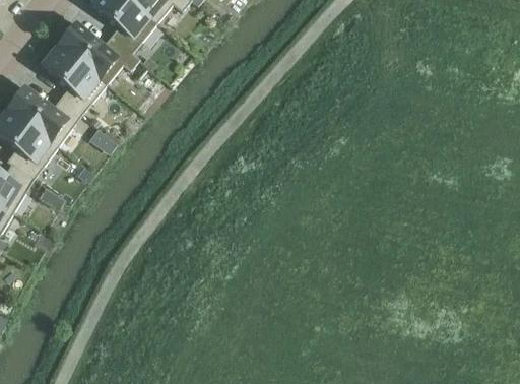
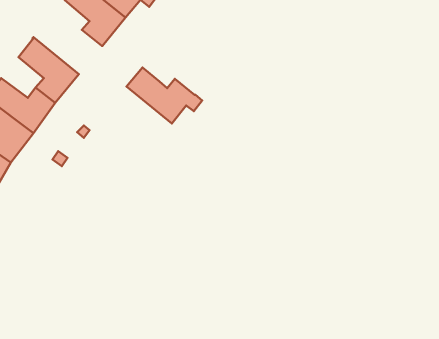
building: [57,22,138,82] -> [127,67,202,123]

